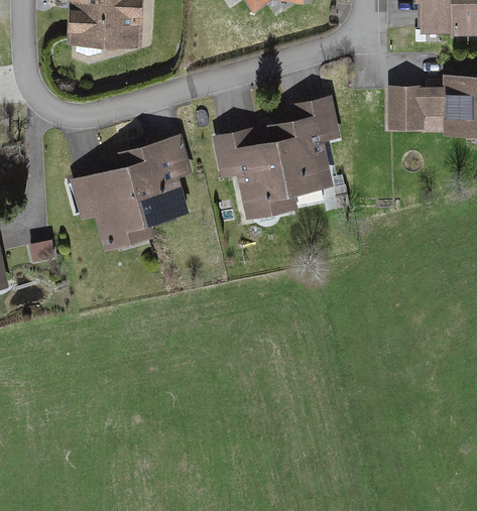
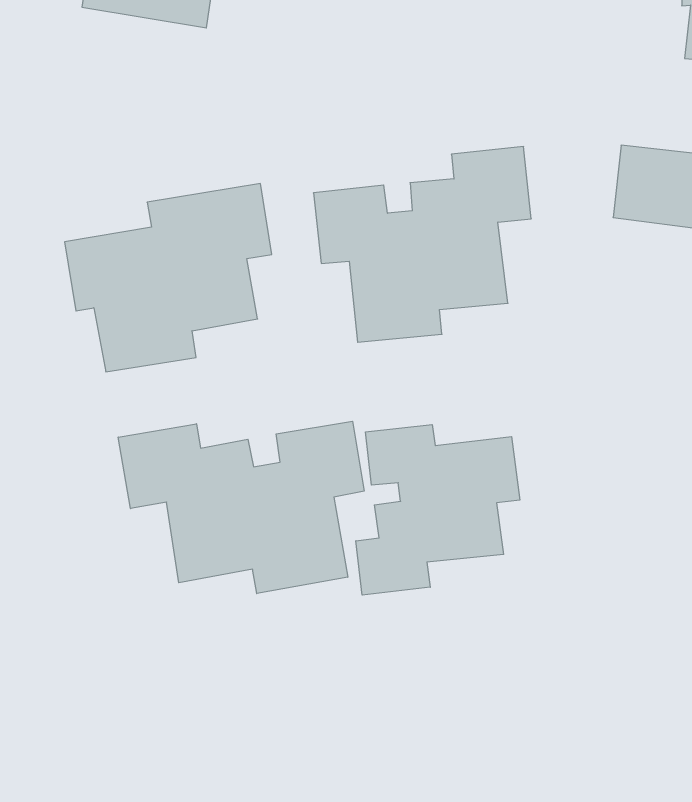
building: none -> [356,425,520,595]
building: none -> [118,421,364,594]

